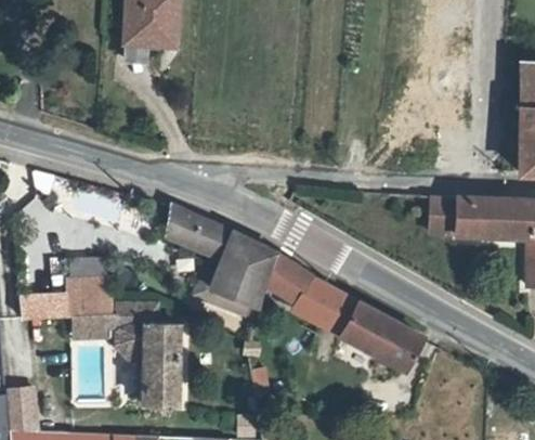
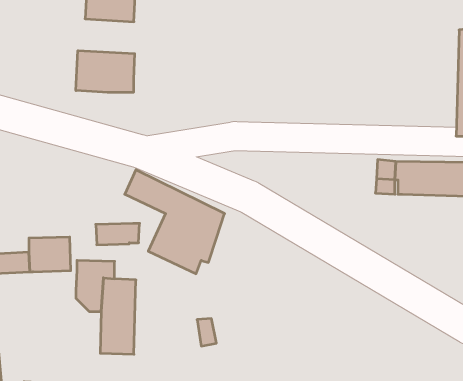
building: none -> [76,51,135,92]
building: [265,254,421,371] -> none
building: [70,314,117,337] -> [96,223,140,245]

